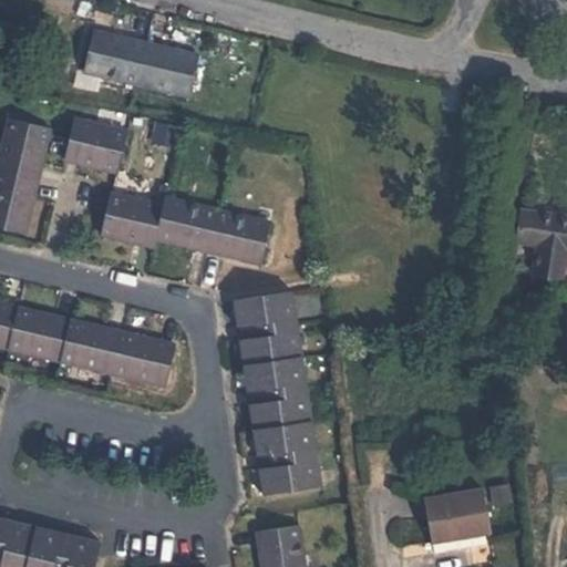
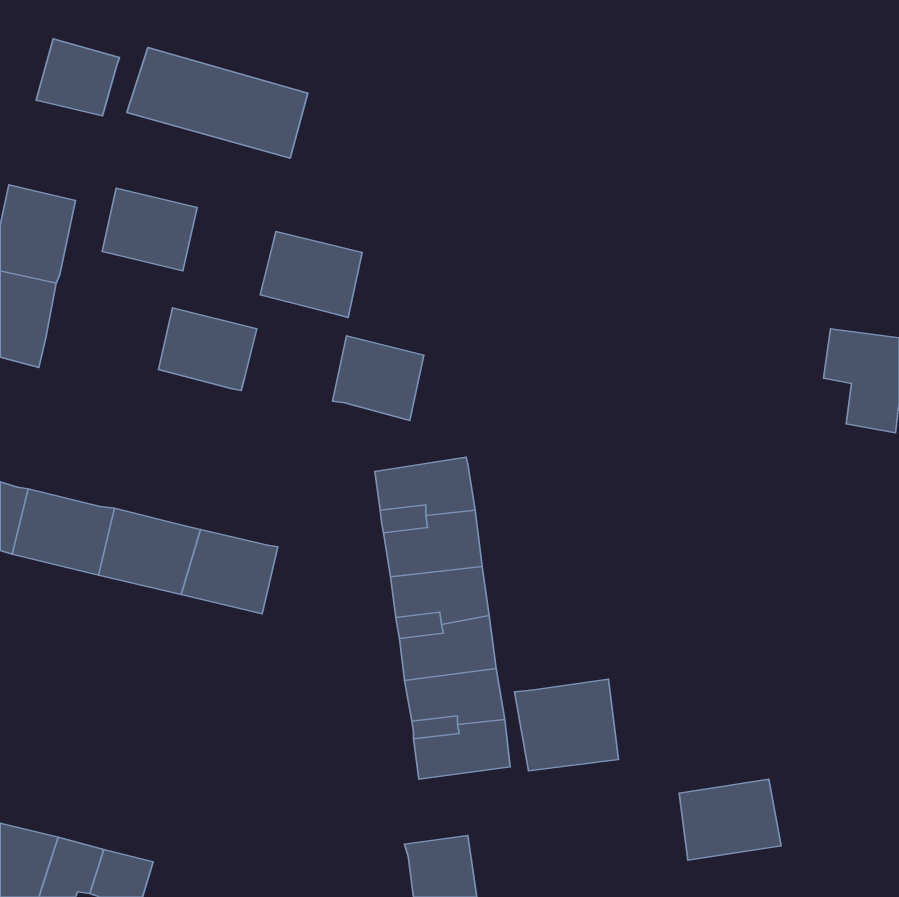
building: none -> [36,39,120,116]
building: [154,198,218,252] -> [260,231,362,318]
building: none -> [514,679,619,771]

